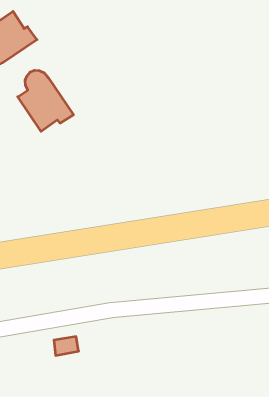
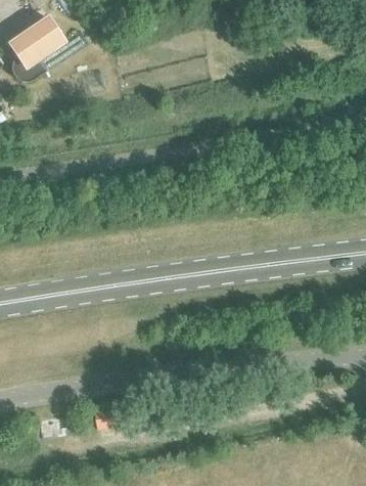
building: [18,70,73,131] -> none

